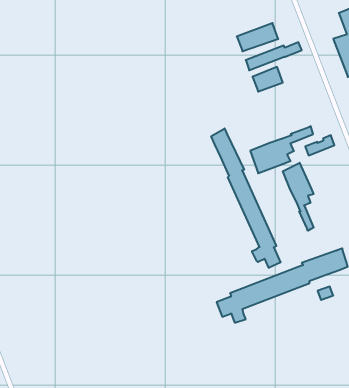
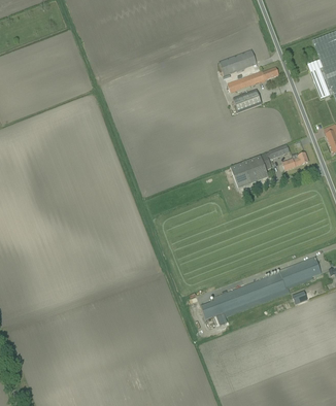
building: [211,128,281,268] -> none
building: [283,163,314,231] -> none

